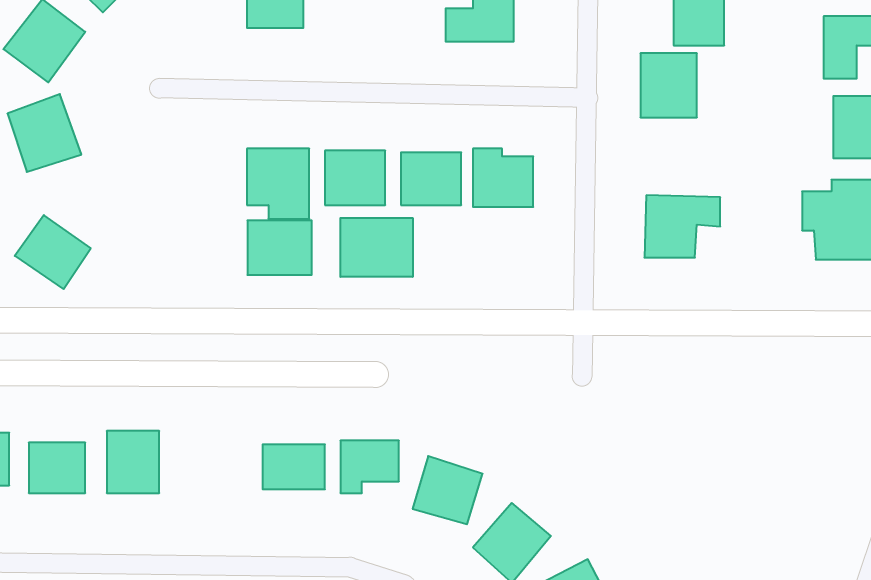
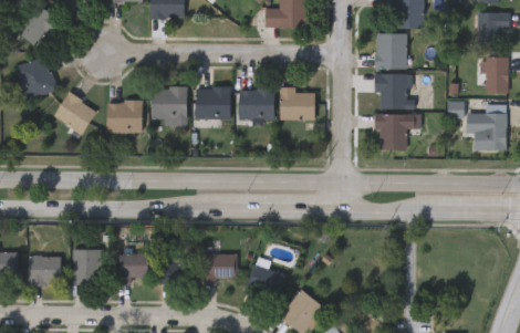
building: none -> [375,74,410,110]
building: [15,215,91,289] -> [52,93,95,135]
building: [340,218,413,277] -> none
building: [247,220,312,275] -> [105,102,142,133]
building: none -> [116,251,150,282]

